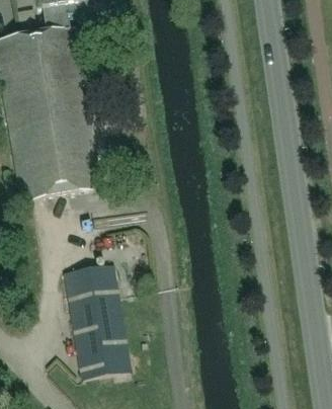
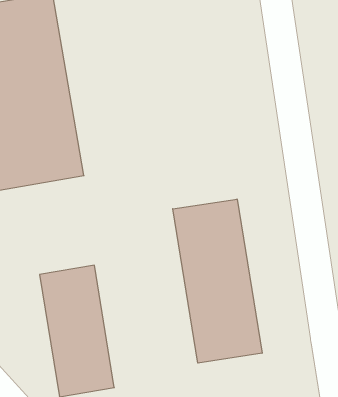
building: none -> [173,199,262,363]

